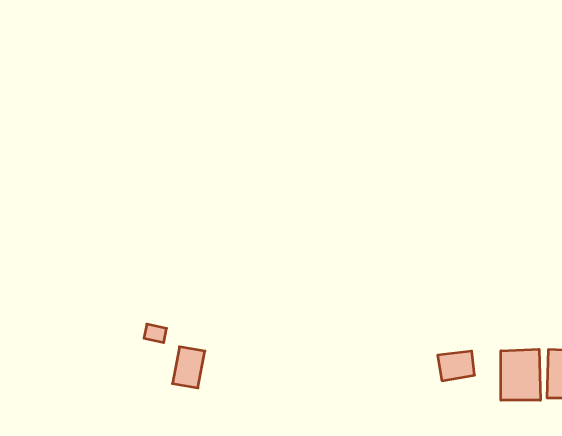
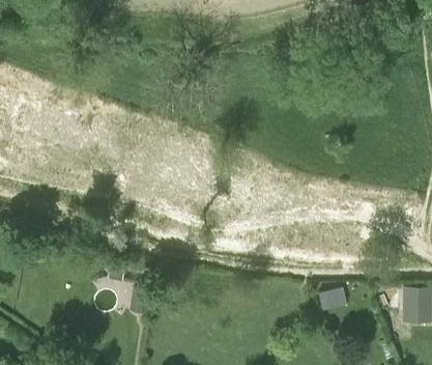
building: [501,349,540,400] -> none

